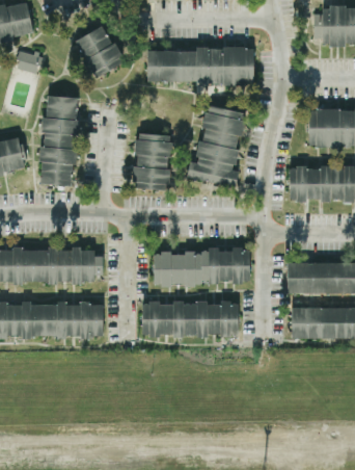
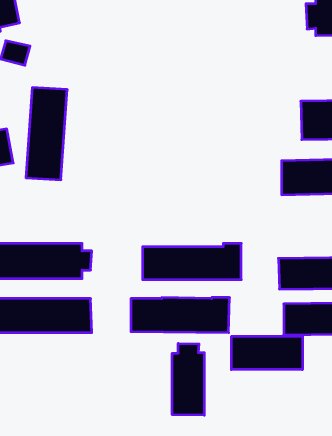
building: [75,25,124,78] -> none
building: [147,47,254,84] -> none
building: [187,105,245,187] -> none
building: [132,132,173,189] -> none
building: none -> [231,336,303,370]
building: none -> [172,343,204,415]

